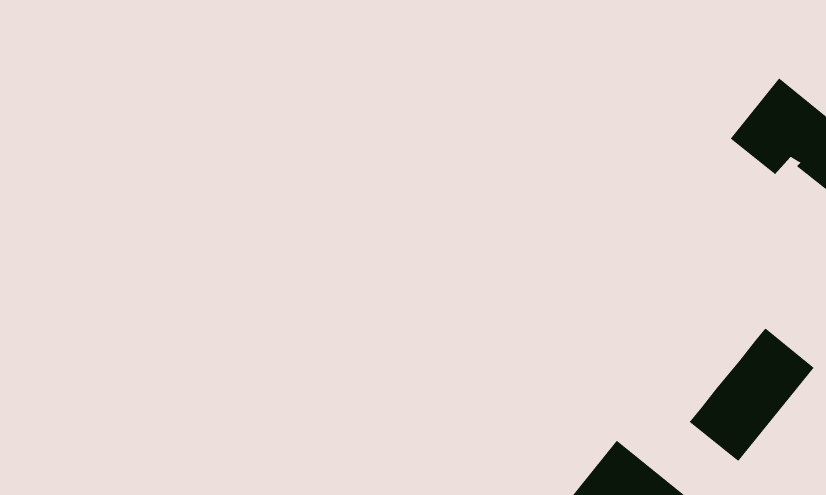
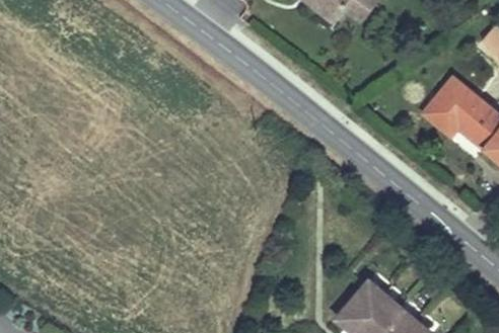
building: [689,328,815,462] -> none

